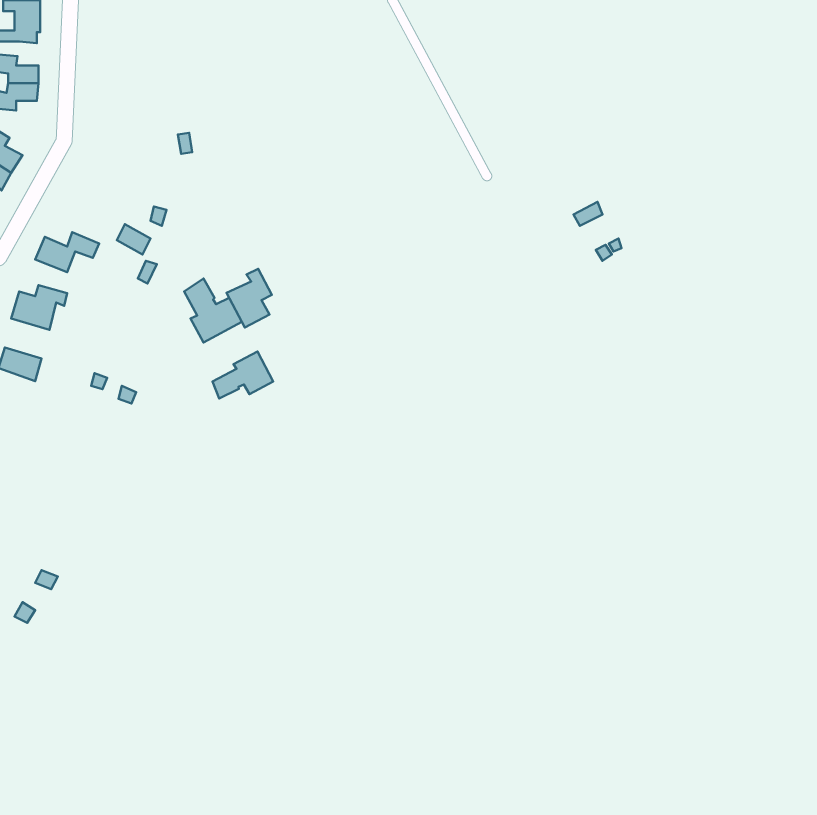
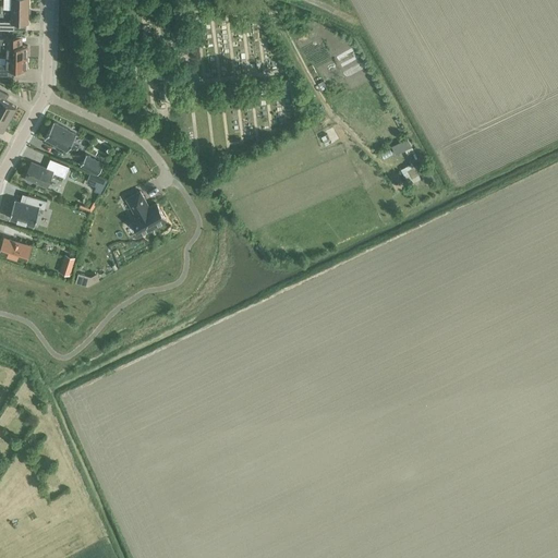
building: none -> [43,123,75,153]
building: [227,269,272,328] -> none
building: [213,351,273,398] -> none

